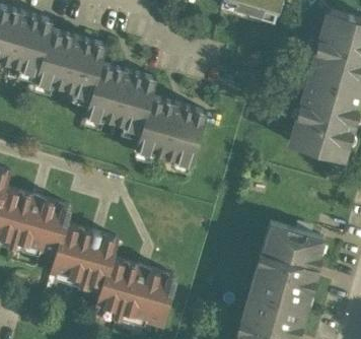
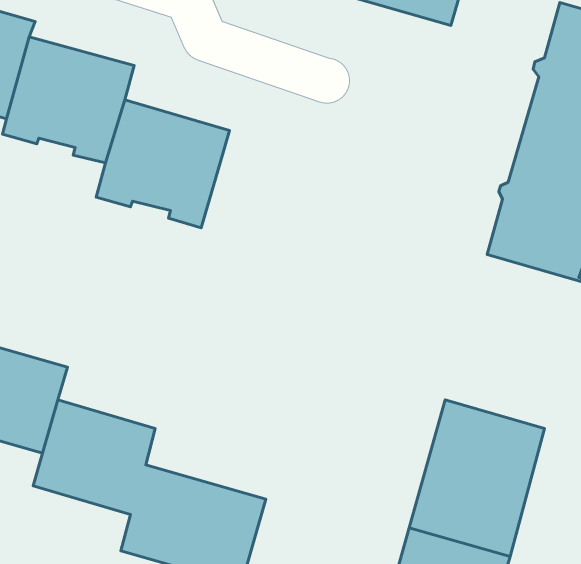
building: [135,98,207,165] -> none

